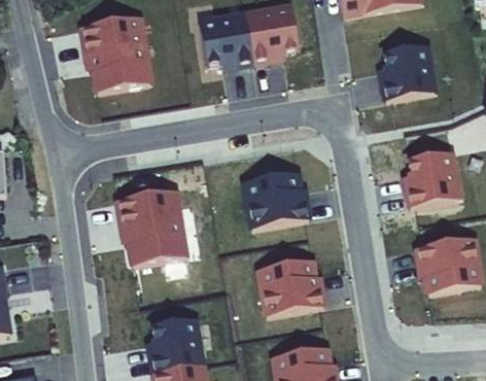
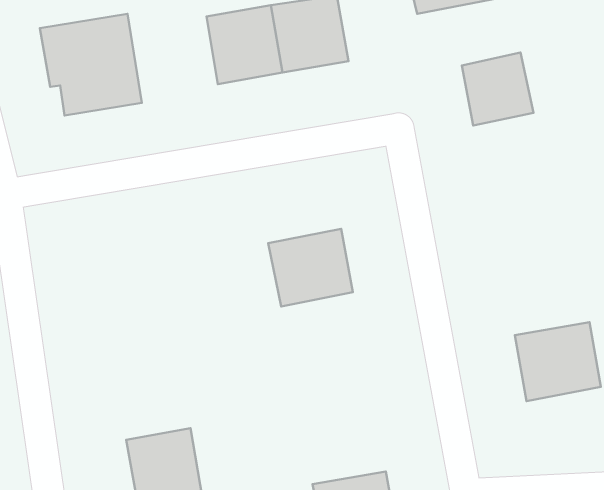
building: [409,149,457,203] -> none
building: [114,186,189,262] -> none
building: [258,257,319,313] -> none

